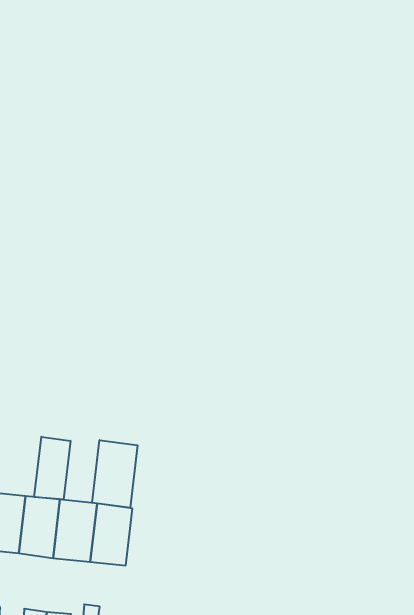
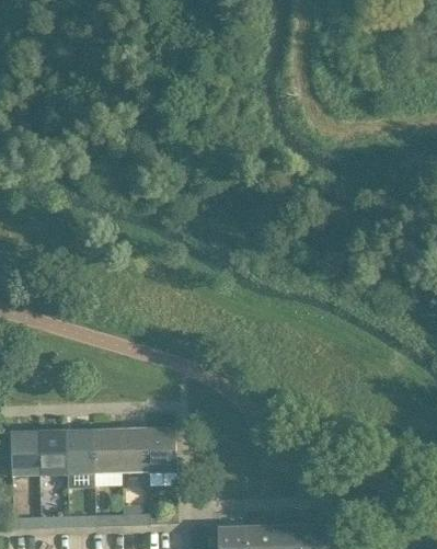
building: [34,437,70,500] -> none
building: [92,440,138,508] -> none

